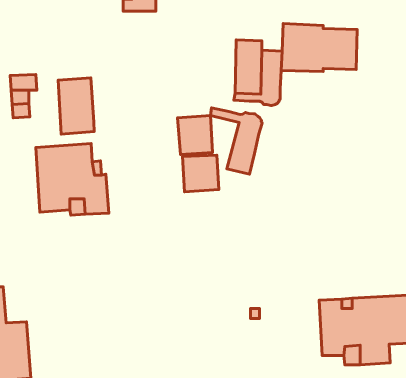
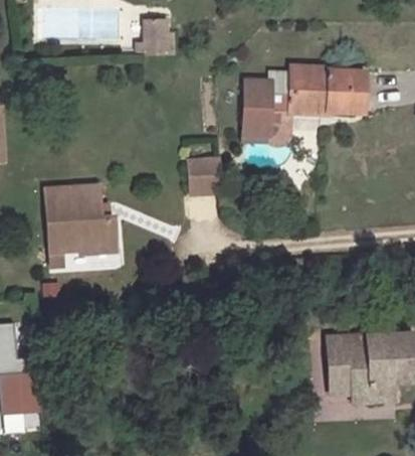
building: [58,78,94,134] -> none
building: [210,108,262,174] -> none
building: [182,155,219,192] -> none

